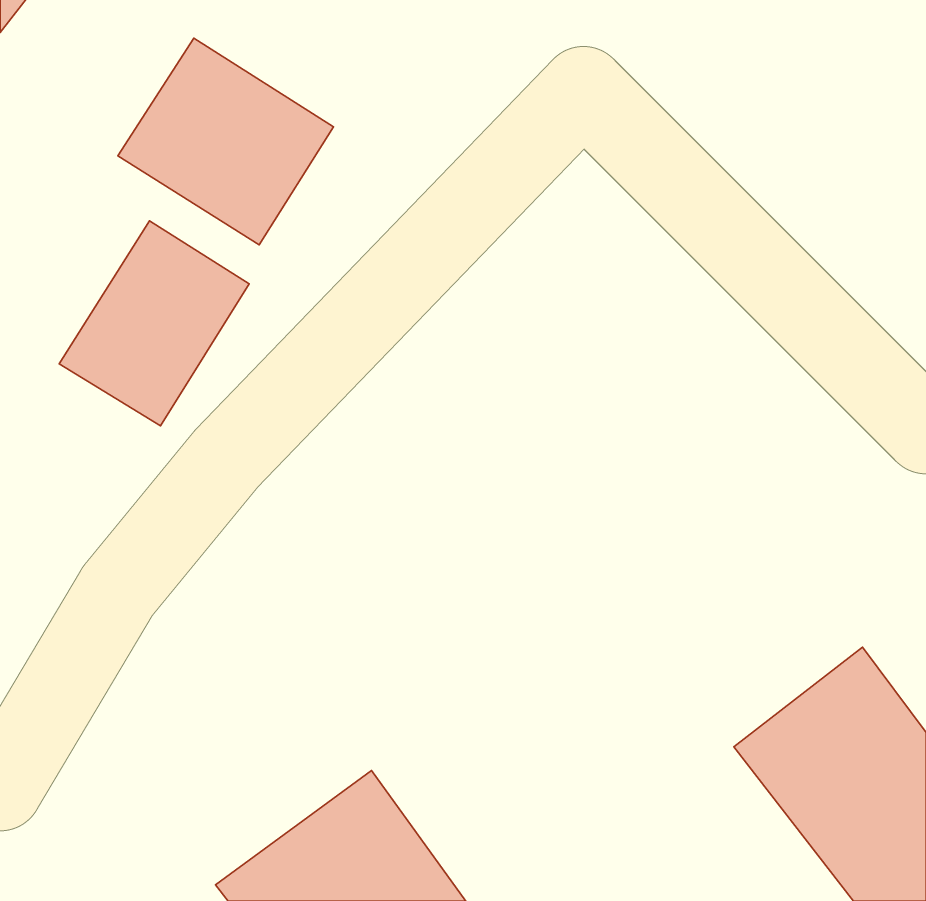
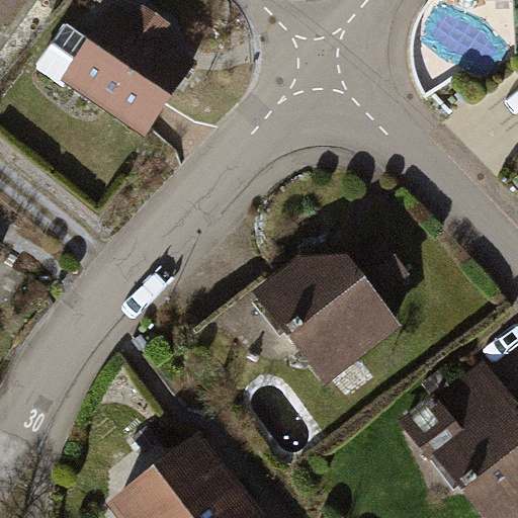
building: [59,221,249,426] -> none
building: none -> [248,259,400,382]

